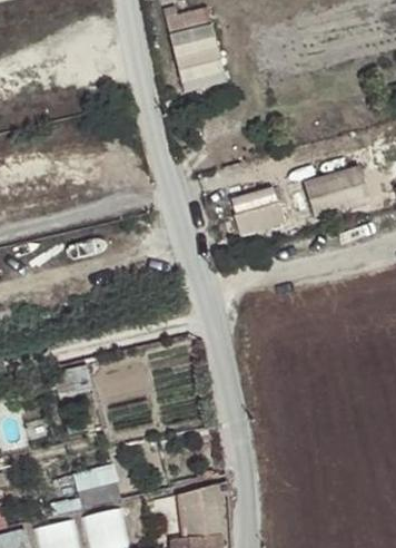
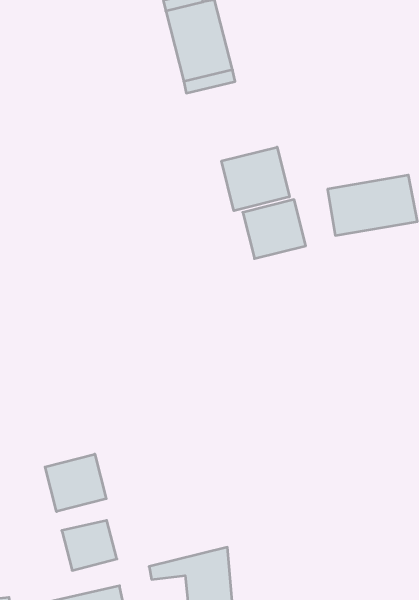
building: none -> [222,147,289,211]
building: none -> [45,454,106,512]

